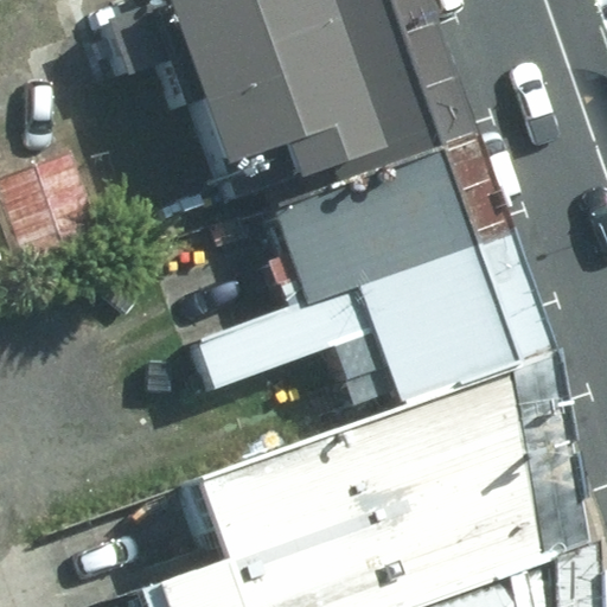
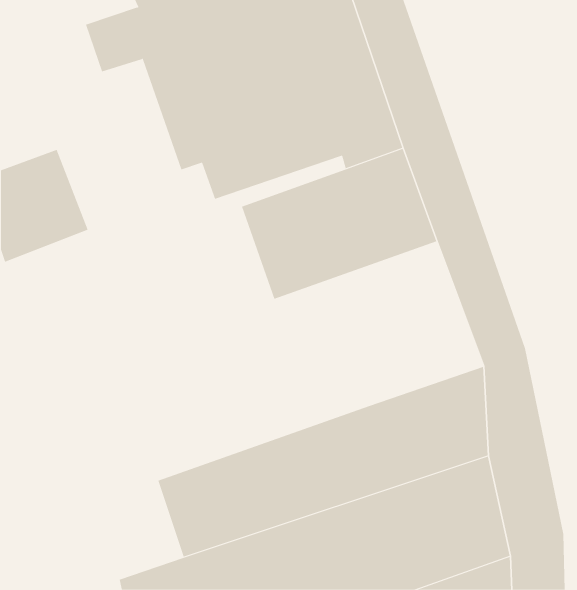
building: [193,245,511,413] -> none

